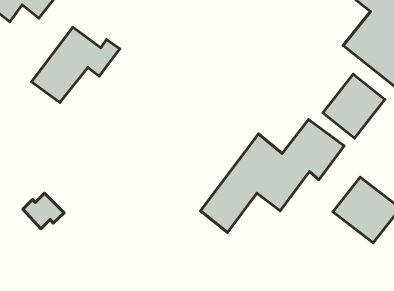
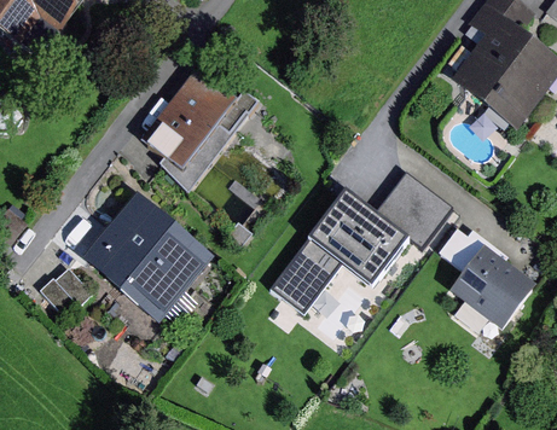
building: [32,27,120,102] -> [145,75,259,172]
building: [323,74,385,138] -> none
building: none -> [85,190,215,326]

